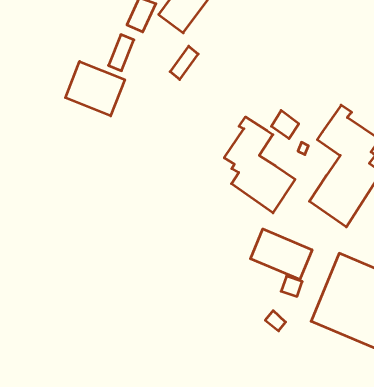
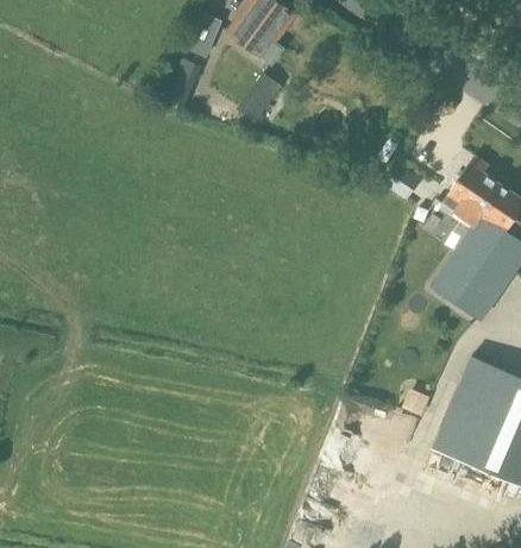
building: [65,61,125,116] -> none
building: [224,117,295,213] -> none
building: [250,229,312,280] -> none

